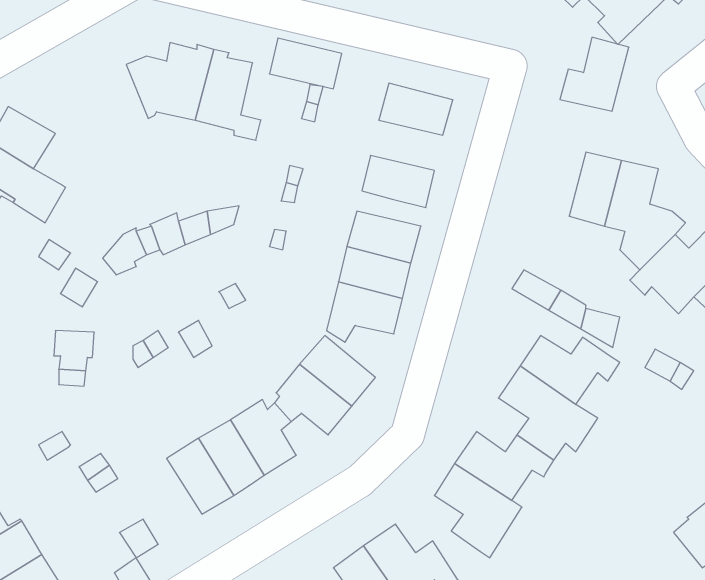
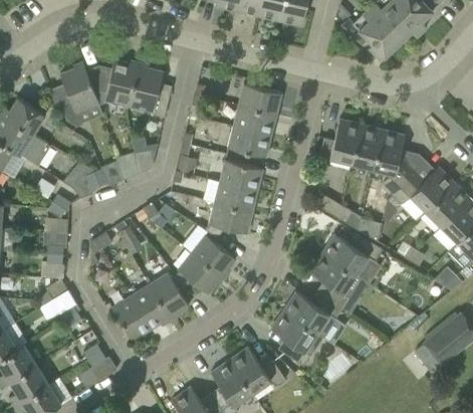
building: [560,37,629,111] -> [320,119,362,163]
building: [269,38,342,89] -> [233,106,276,136]
building: none -> [60,62,100,128]

